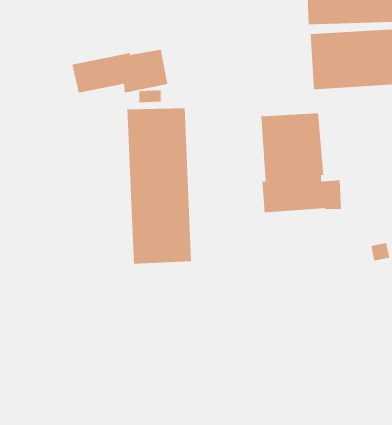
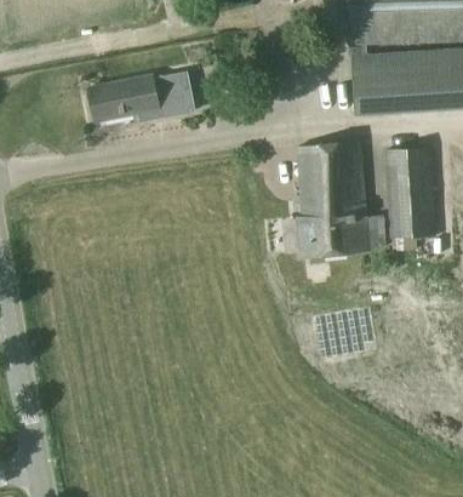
building: [127,107,192,264] -> none
building: none -> [387,145,438,238]

